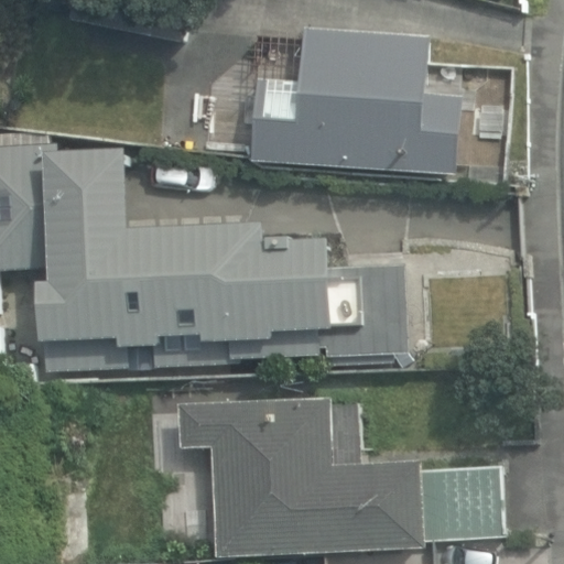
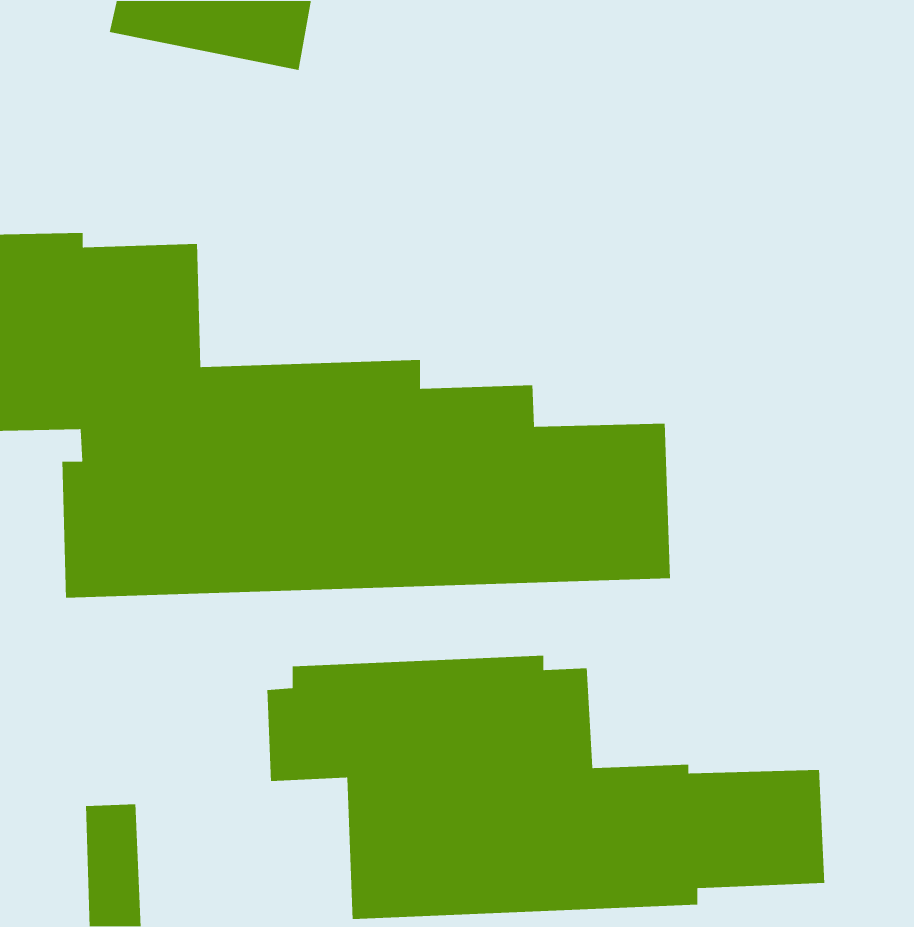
building: [250,26,462,177] -> none

